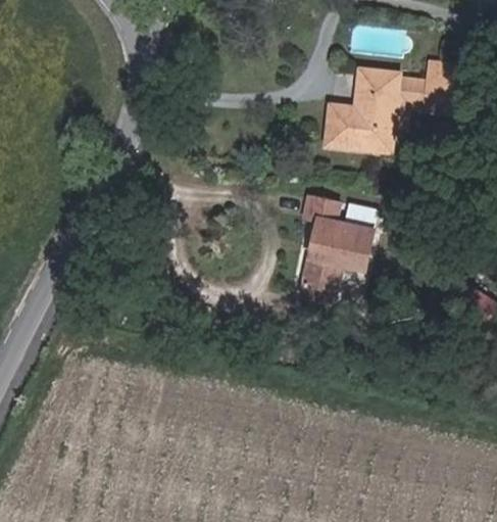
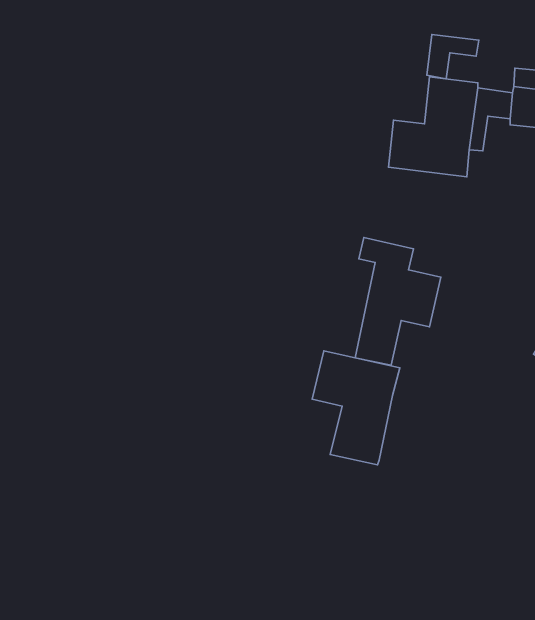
building: none -> [427,34,479,79]
building: none -> [312,351,400,465]

